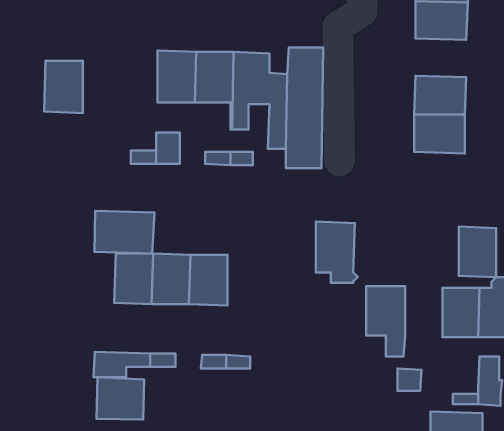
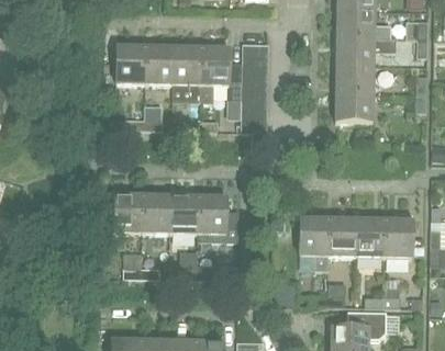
building: none -> [336,36,396,65]
building: [44,61,83,113] -> [118,45,146,83]
building: [95,211,155,253] -> none
building: [316,222,358,283] -> [198,195,229,240]
building: [459,227,496,277] -> [329,218,356,256]
building: [96,377,144,420] -> none

